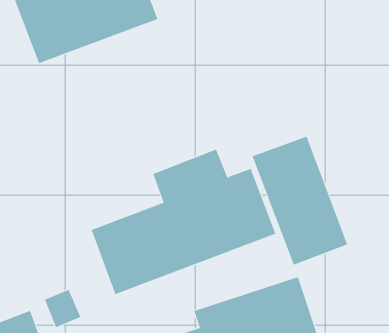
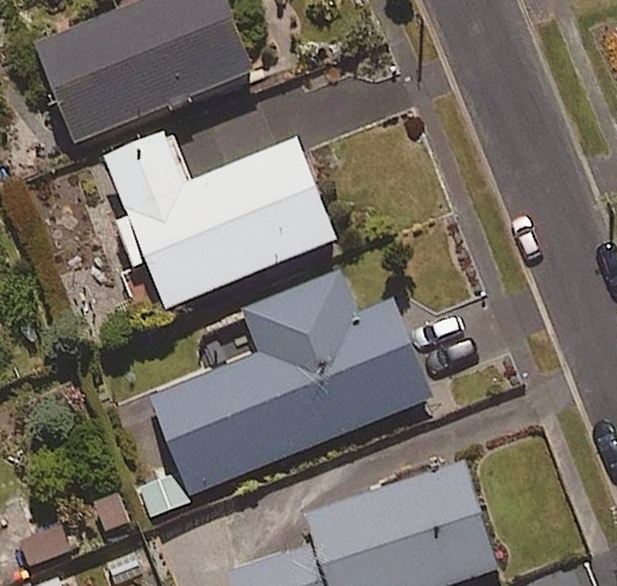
building: none -> [104,136,335,309]
building: [252,136,348,265] -> none

